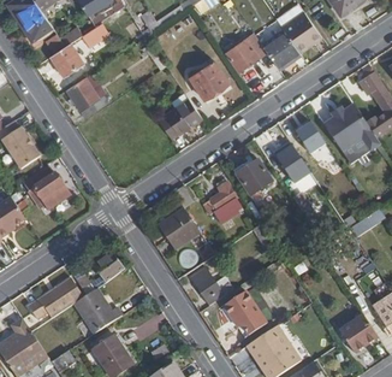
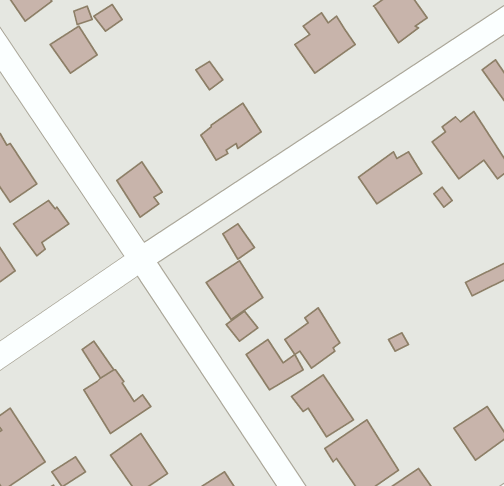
building: [261,28,301,70] -> none
building: [189,60,228,99] -> none
building: [65,76,97,116] -> [117,162,162,217]
building: [236,158,272,194] -> none
building: [203,179,243,223] -> [285,308,340,368]
building: [91,249,124,282] -> none
building: [28,276,83,318] -> none

